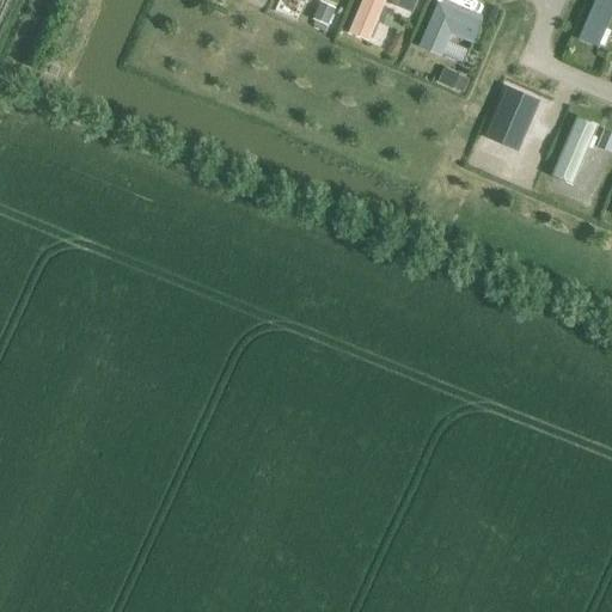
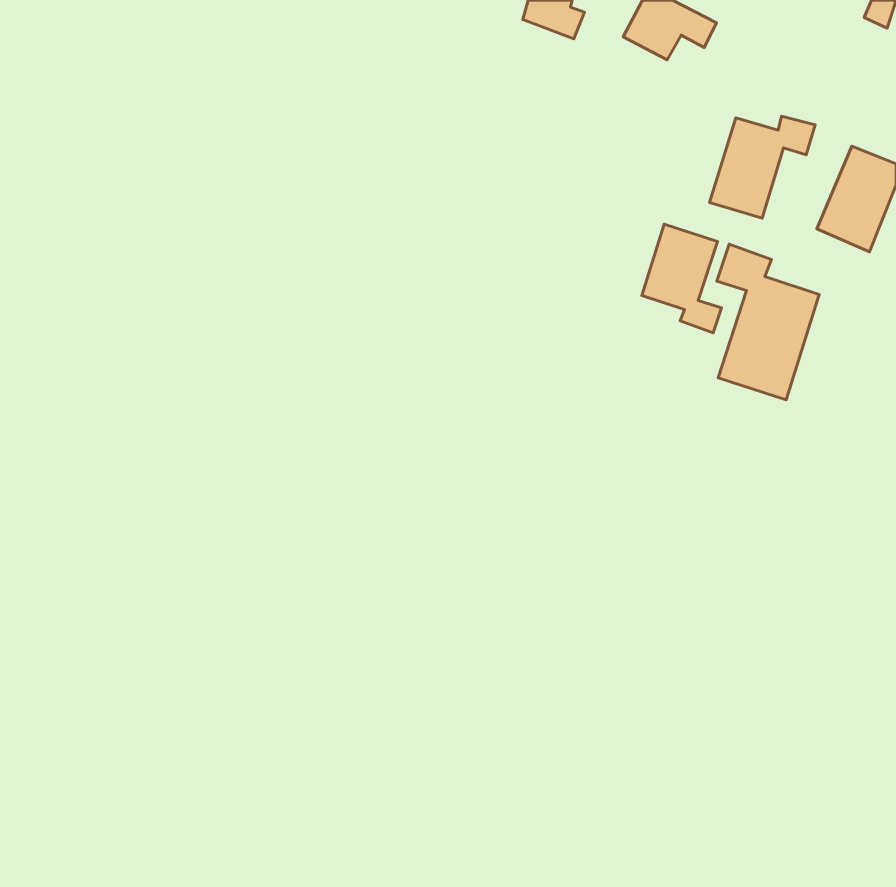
building: none -> [642,224,722,333]
building: none -> [717,244,819,400]

